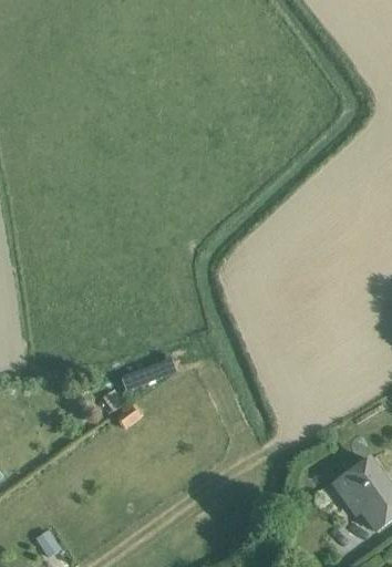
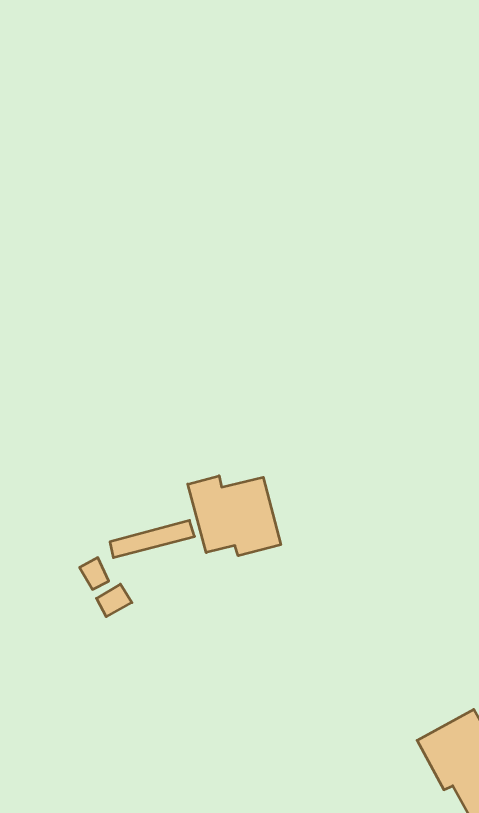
building: none -> [188,476,281,556]

